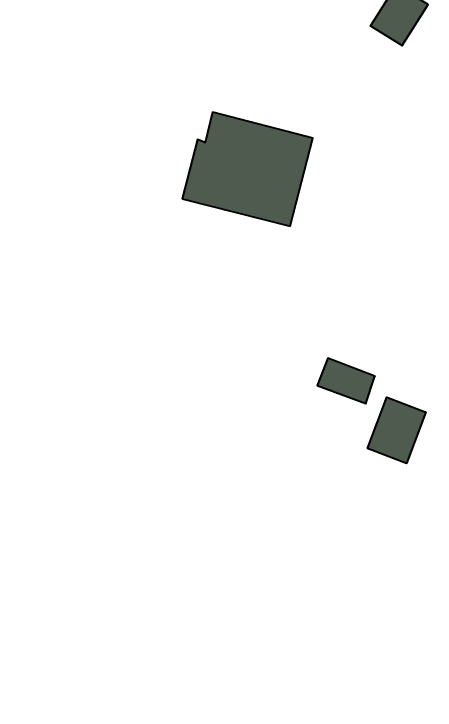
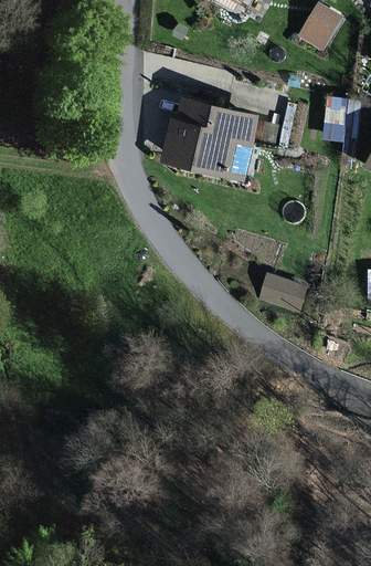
building: [368,397,426,463] -> none

